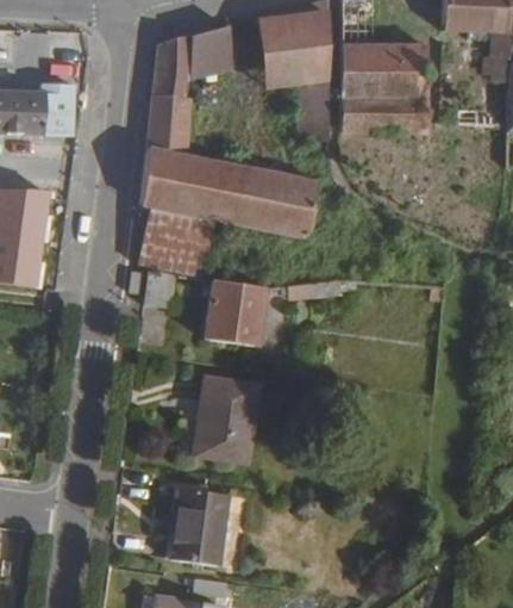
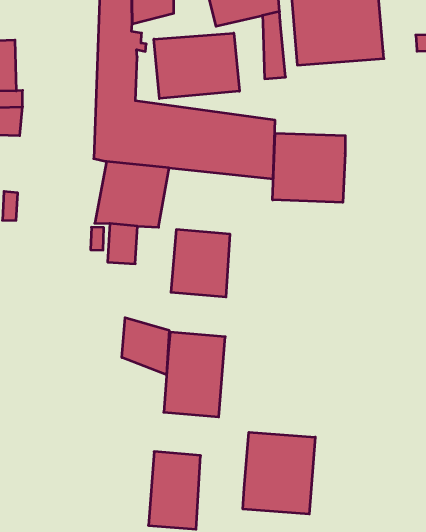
building: none -> [154,33,239,99]
building: none -> [273,133,345,202]
building: none -> [122,318,169,375]
building: none -> [243,432,315,514]

